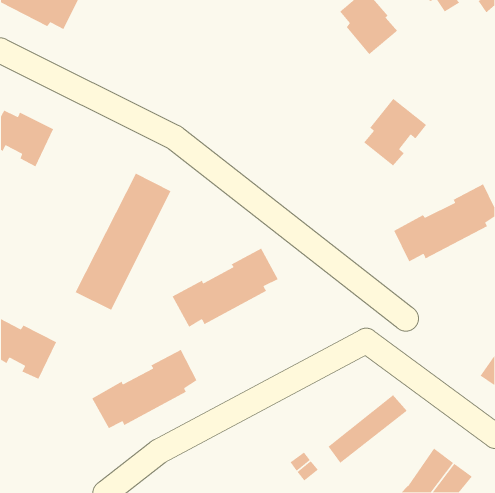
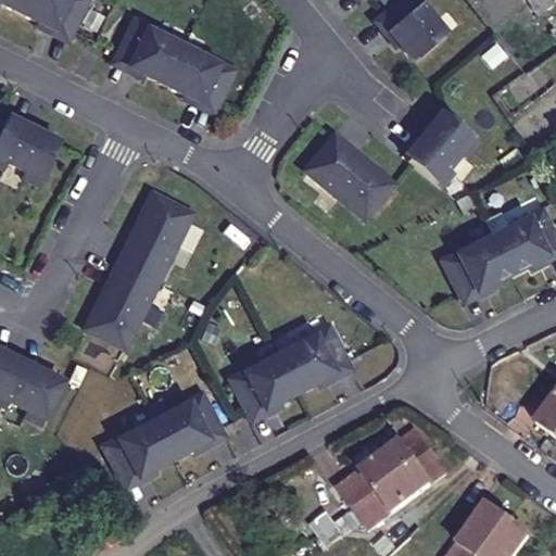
building: none -> [115,18,236,105]
building: none -> [304,135,392,218]
building: [171,248,279,328] -> [228,324,349,414]
building: none -> [350,419,441,501]

